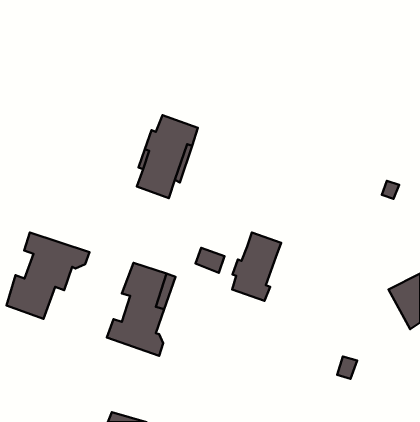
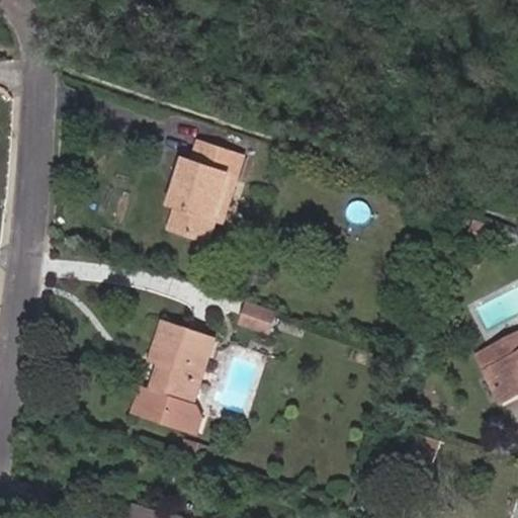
building: [6,232,89,319] -> none
building: [232,233,281,301] -> none

